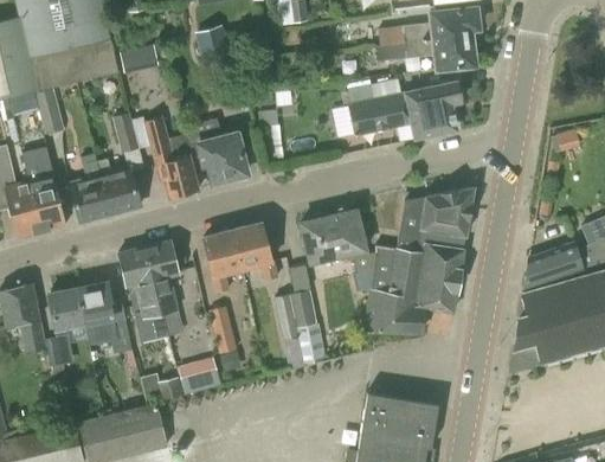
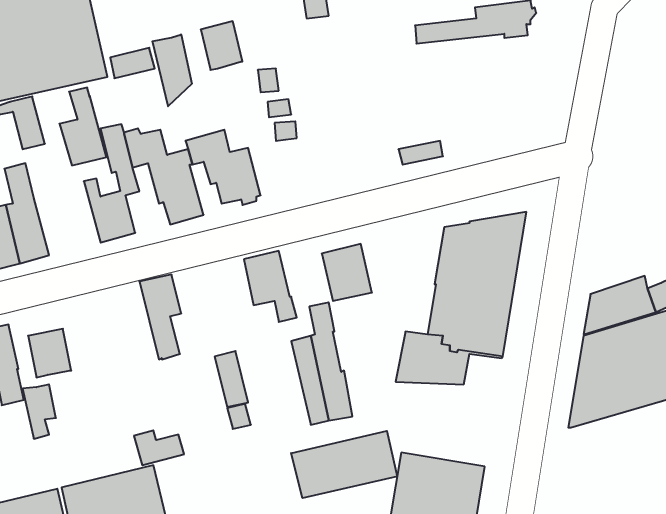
building: [375,36,476,70] -> none
building: none -> [152,34,192,106]
building: [348,81,462,137] -> none
building: [71,154,111,220] -> [59,88,107,165]
building: [333,210,397,291] -> none
building: [206,227,242,294] -> none
building: [120,246,168,342] -> none
building: [79,281,131,352] -> none
building: [178,360,221,394] -> none
building: none -> [291,431,397,498]

